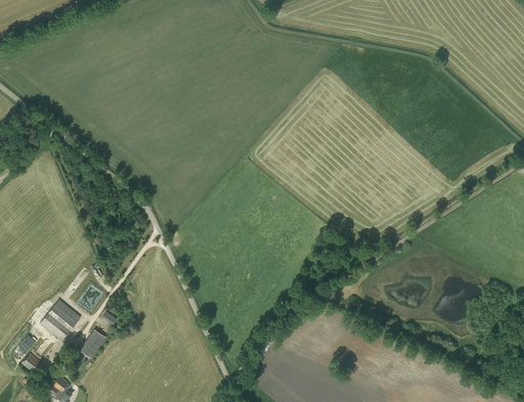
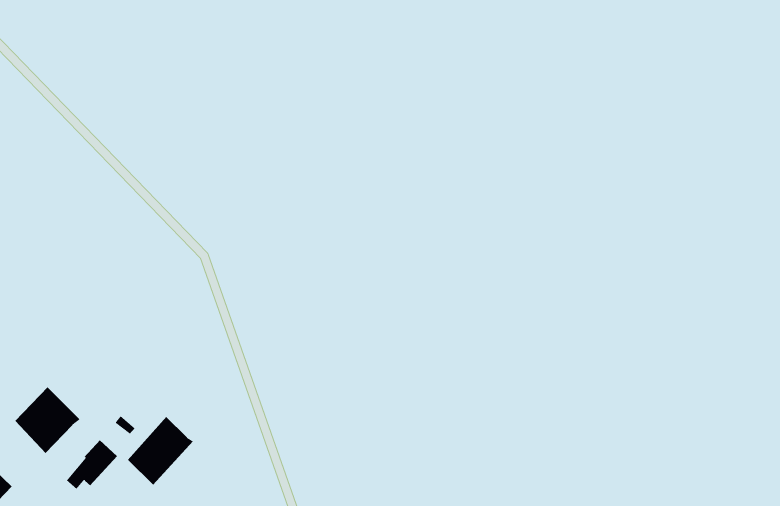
building: none -> [127,416,194,486]

